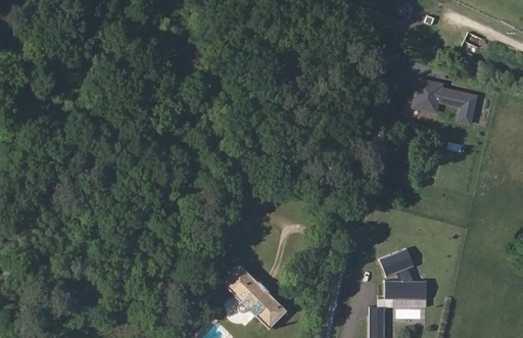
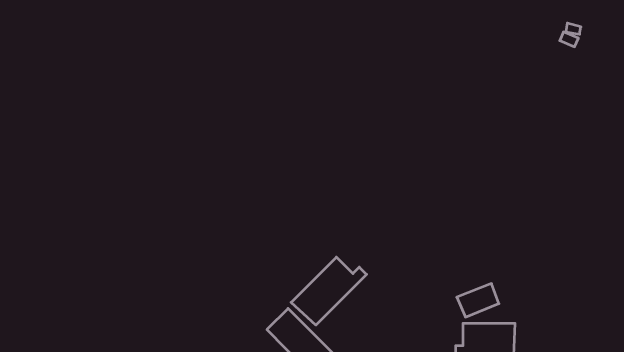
building: [412,81,479,126] -> none
building: none -> [291,257,367,325]

